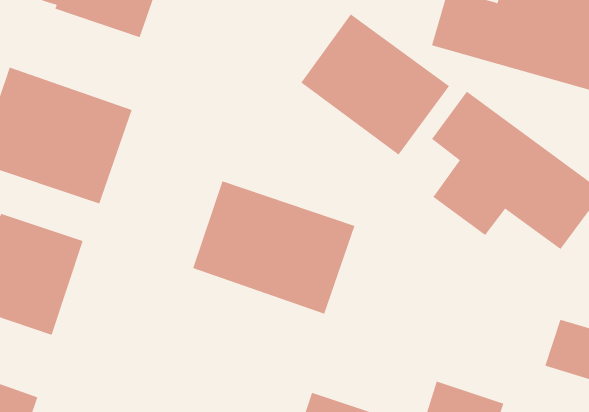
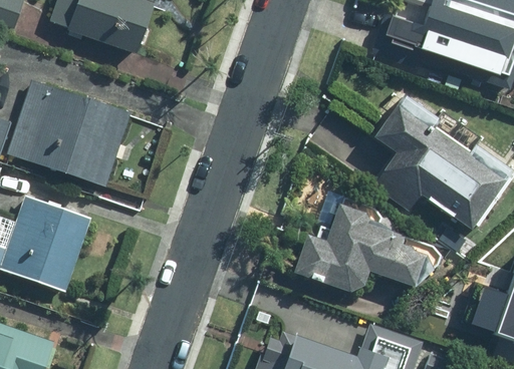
building: [300,14,450,156] -> none
building: [193,180,355,314] -> none
building: none -> [293,198,431,294]

